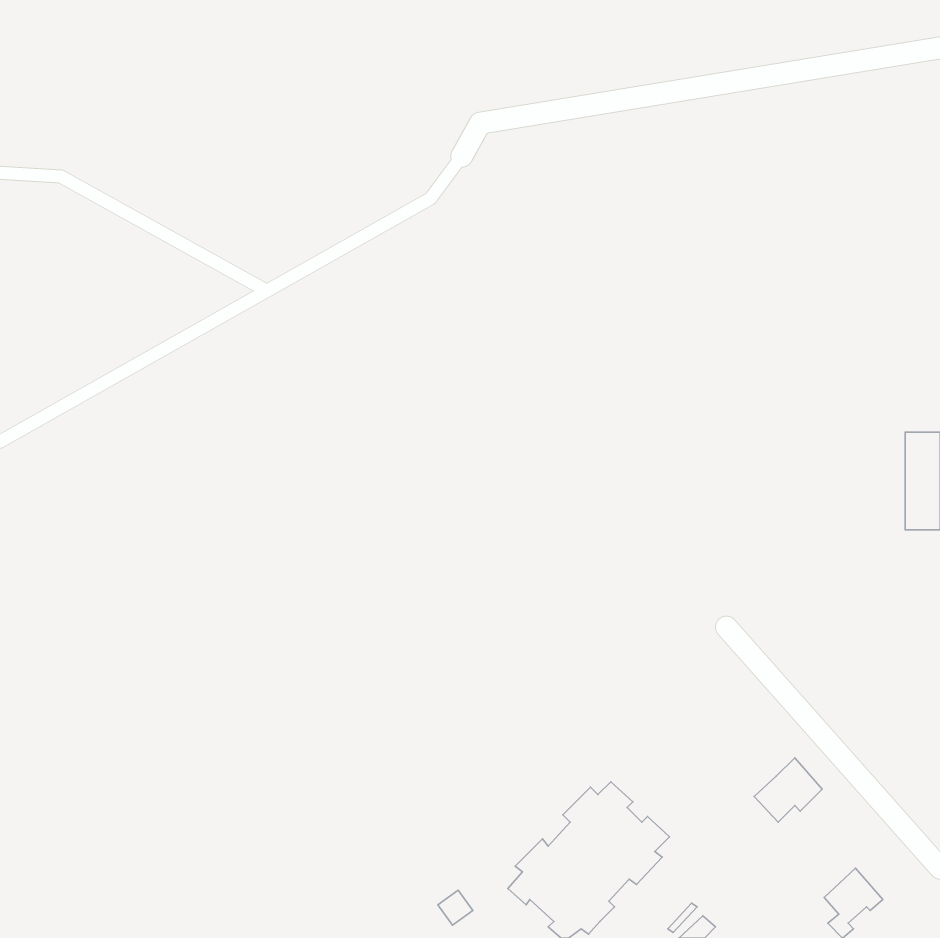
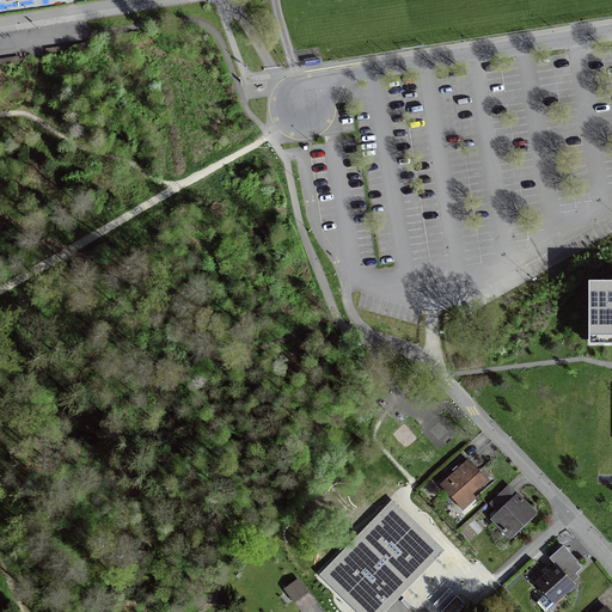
building: none -> [441,460,485,504]
building: none -> [550,544,587,581]

